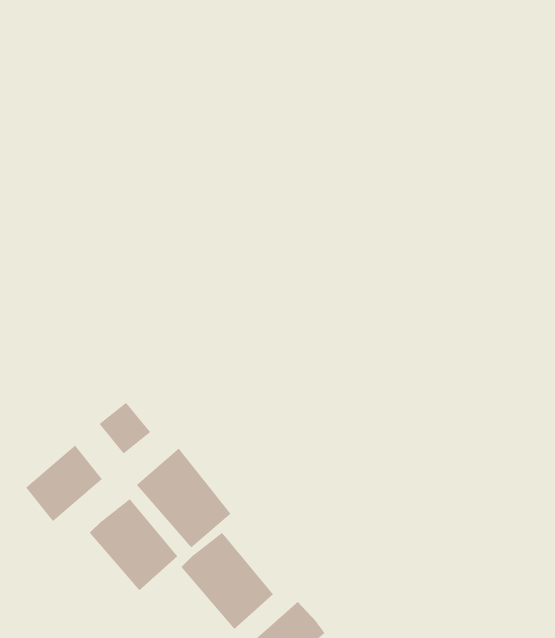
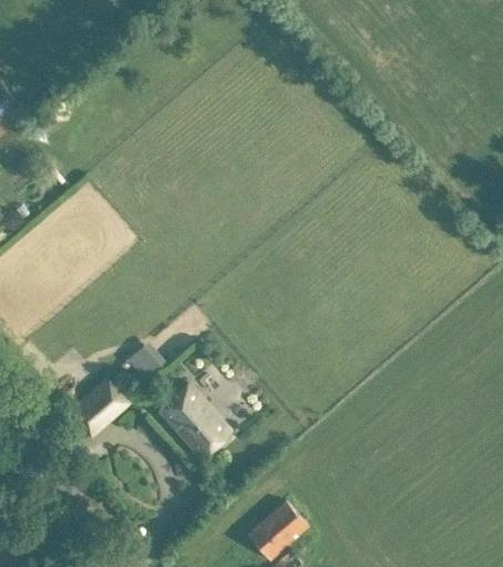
building: [89,498,178,591] -> none
building: [181,532,274,630] -> none

